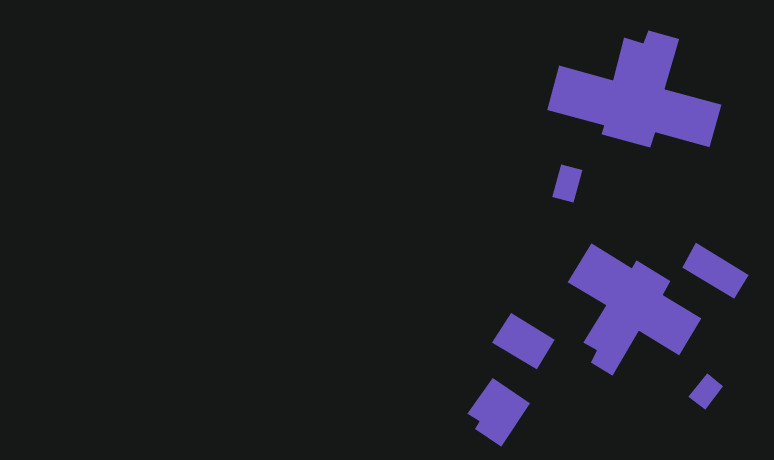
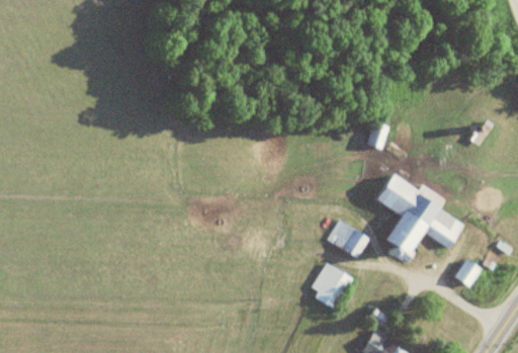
building: [546,29,722,148] -> none
building: [681,242,750,300] -> none

